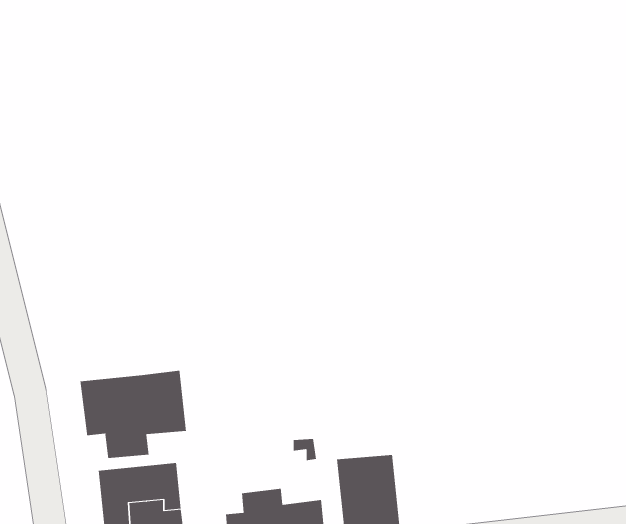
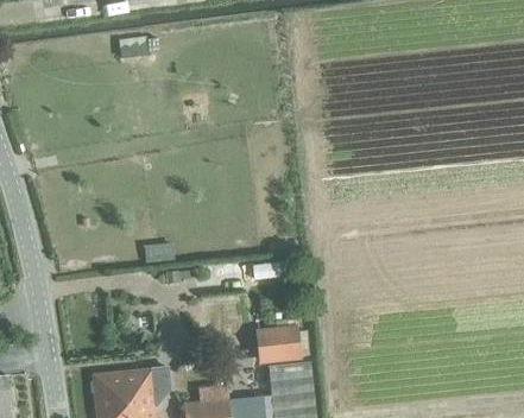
building: [80,370,187,459] -> none
building: none -> [258,327,298,360]

